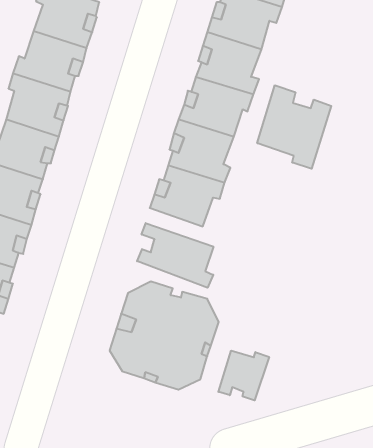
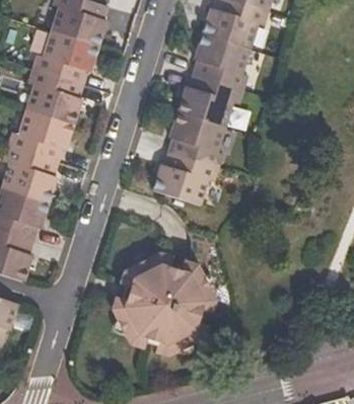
building: [257,85,331,169] -> none
building: [137,223,213,288] -> none
building: [218,351,269,400] -> none

